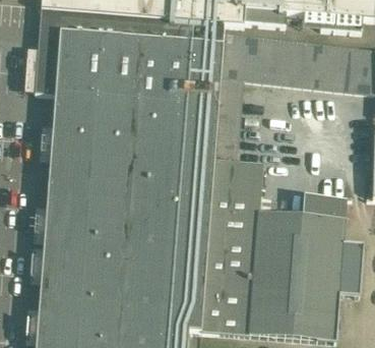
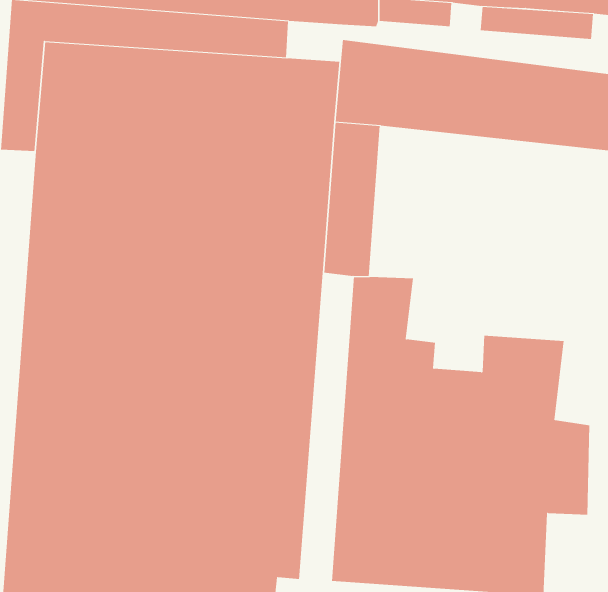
building: [194,22,225,45] -> none
building: [201,162,231,333] -> none

